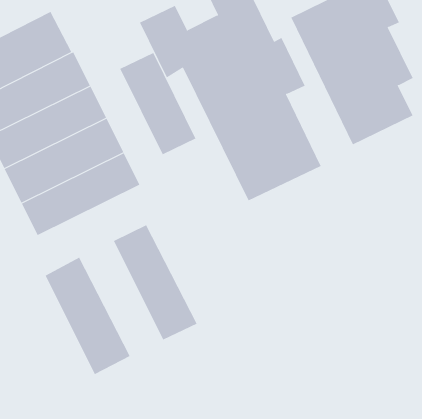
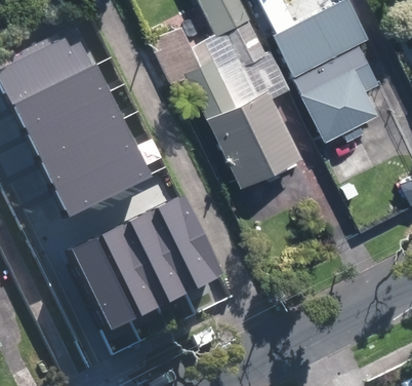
building: [120,52,196,155] -> none
building: none -> [157,193,226,290]
building: none -> [101,221,170,316]

